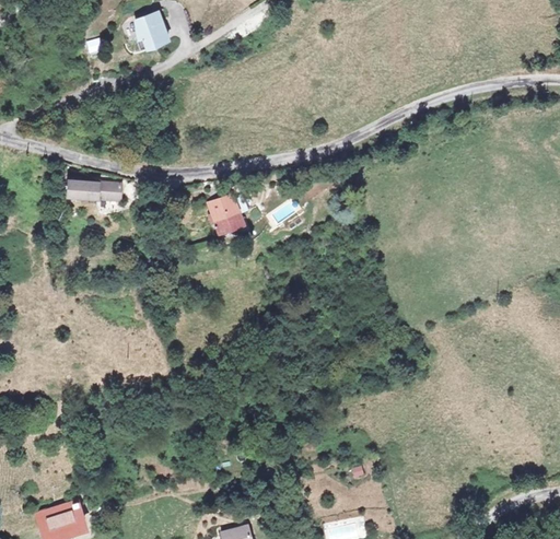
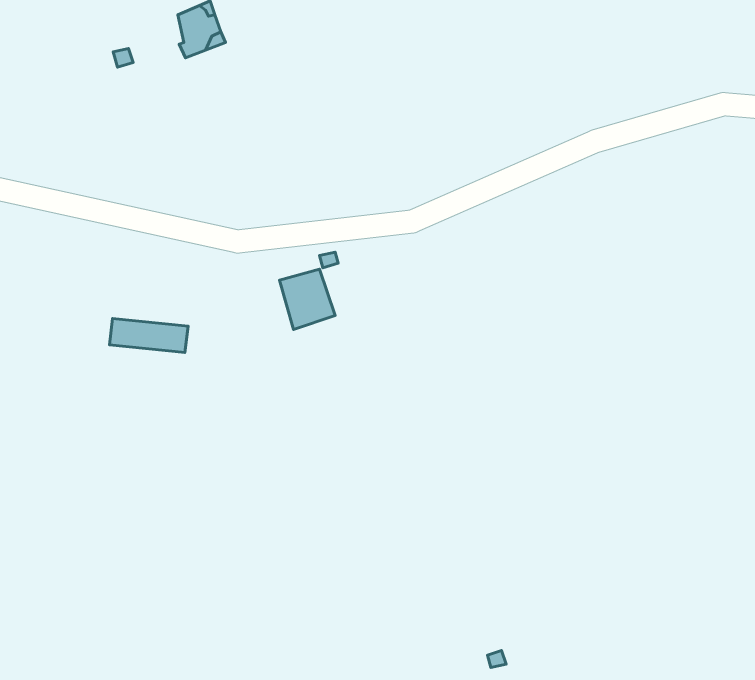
building: [70,183,126,207] -> [109,319,188,353]

